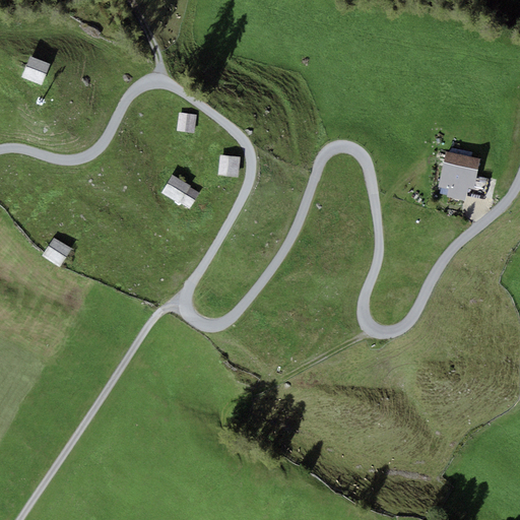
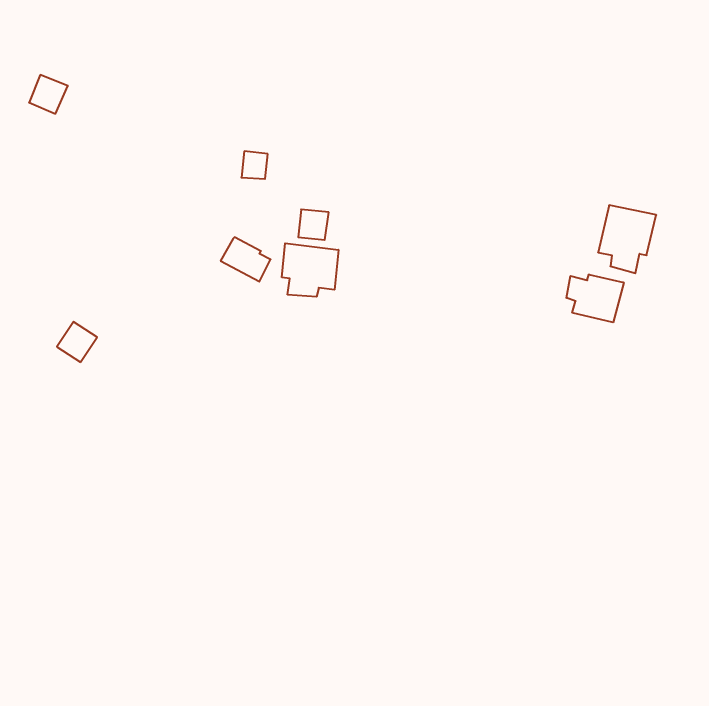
building: none -> [282,243,338,297]
building: none -> [566,274,624,322]

